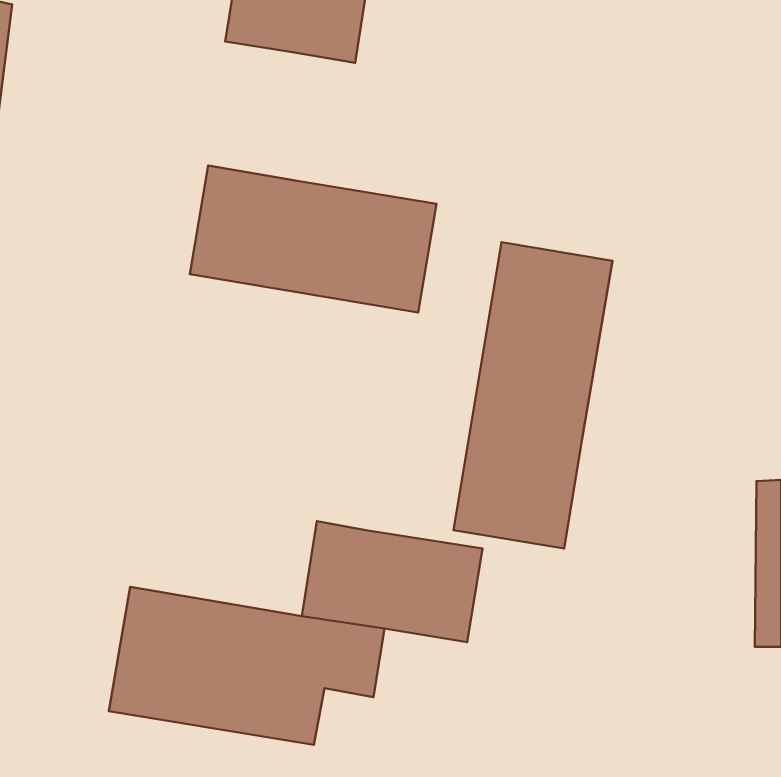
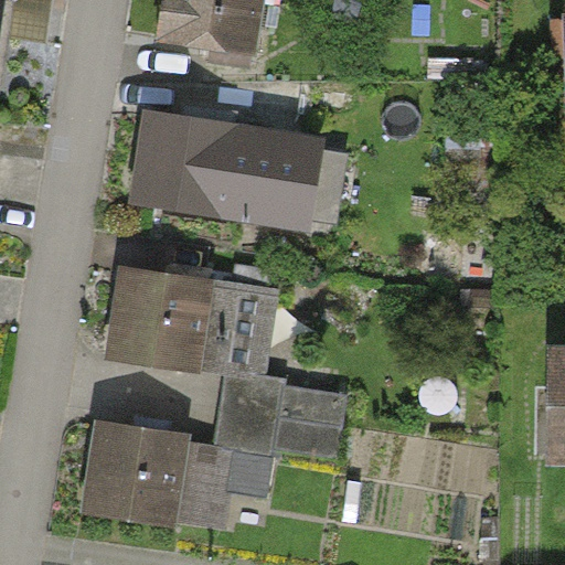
building: [453,242,612,549] -> none
building: none -> [102,260,280,382]

